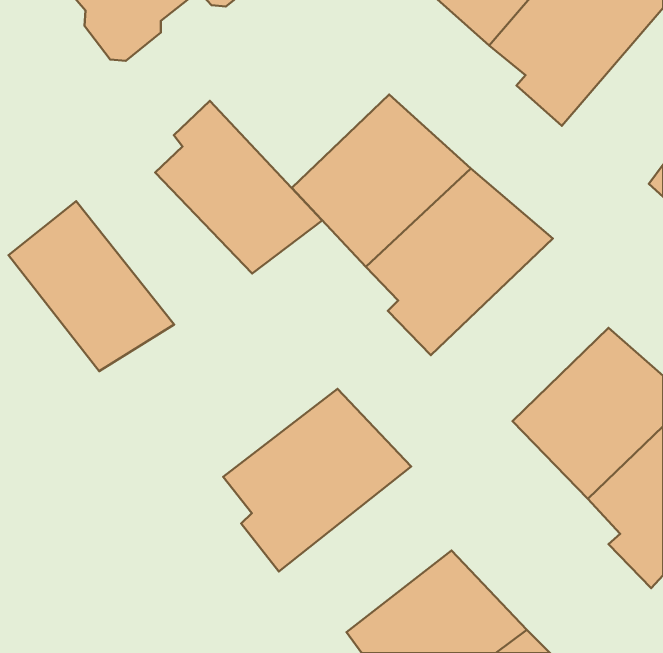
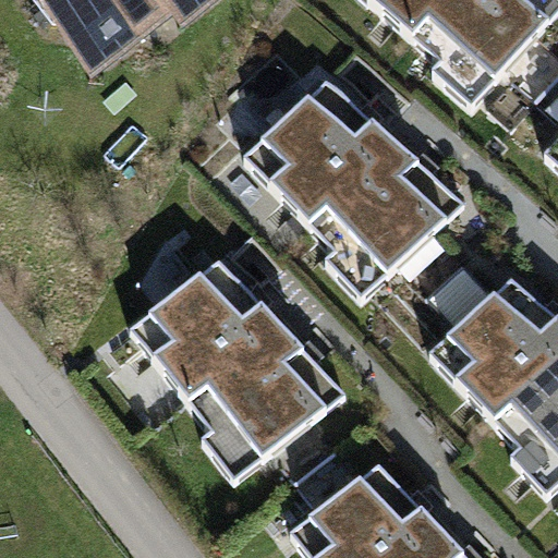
building: [155,101,322,273] -> none
building: [8,201,174,371] -> none
building: none -> [131,259,283,401]

